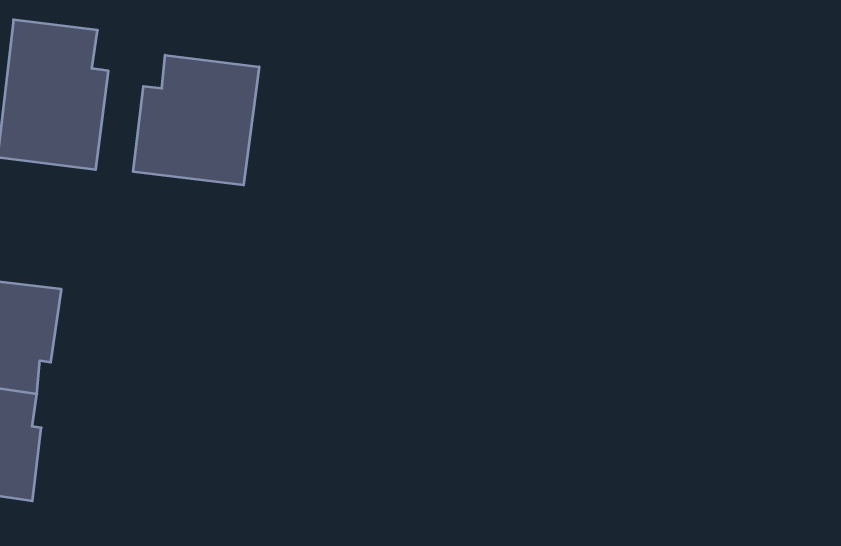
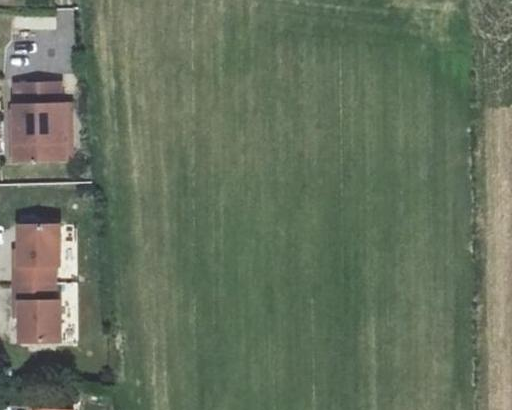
building: [133,55,259,185] -> none

